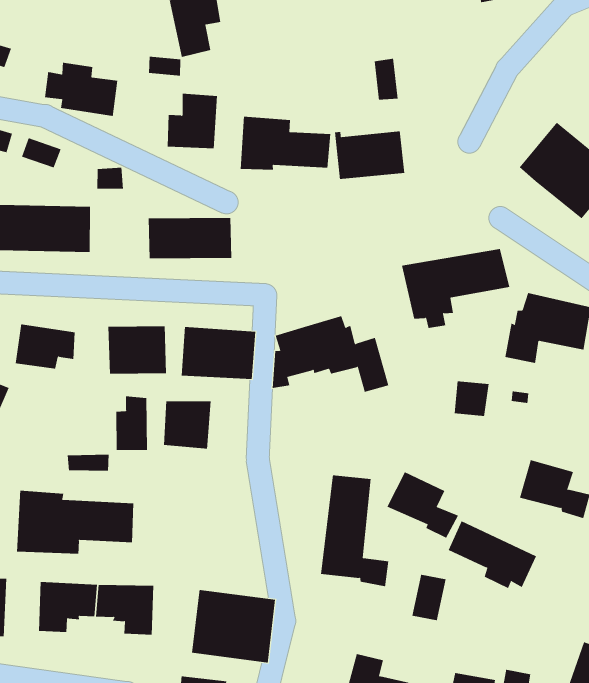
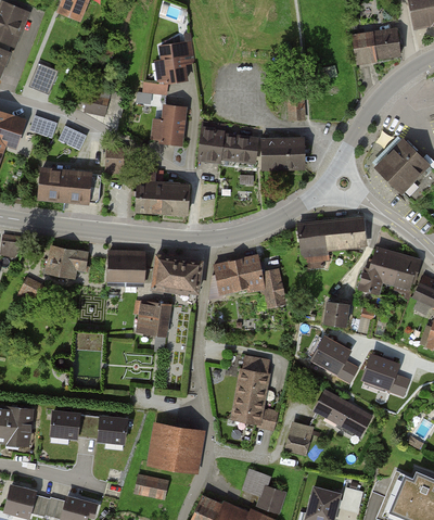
building: [116,396,147,451] -> none
building: [387,472,459,538] -> [311,338,357,382]
building: [17,490,134,554] -> none

